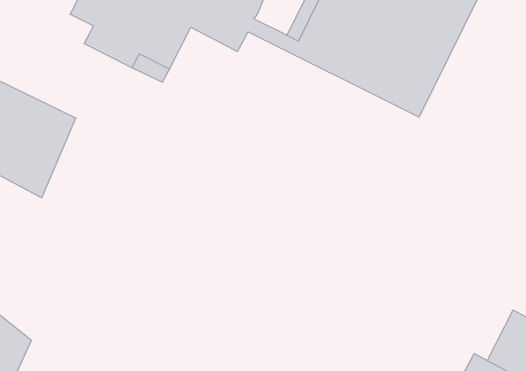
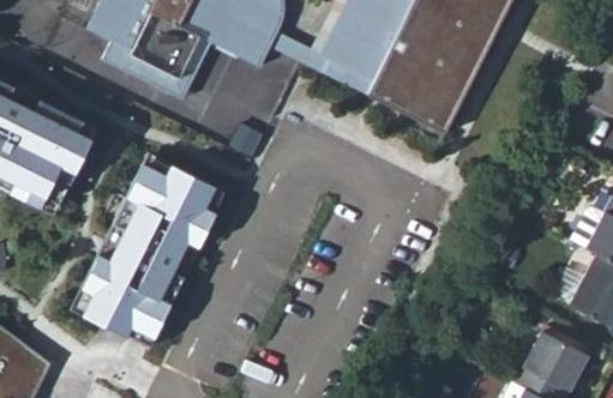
building: none -> [72,152,227,345]

